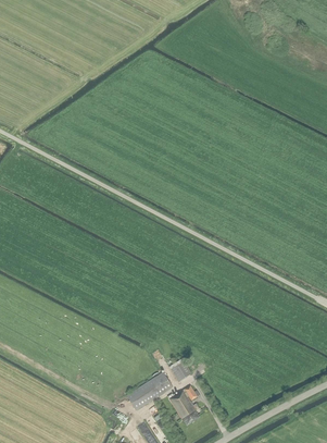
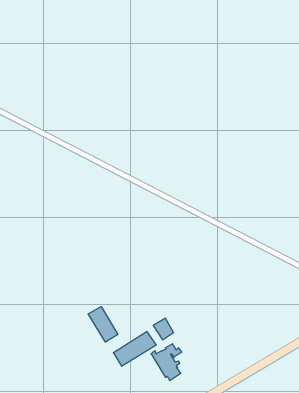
building: none -> [88,307,118,342]

